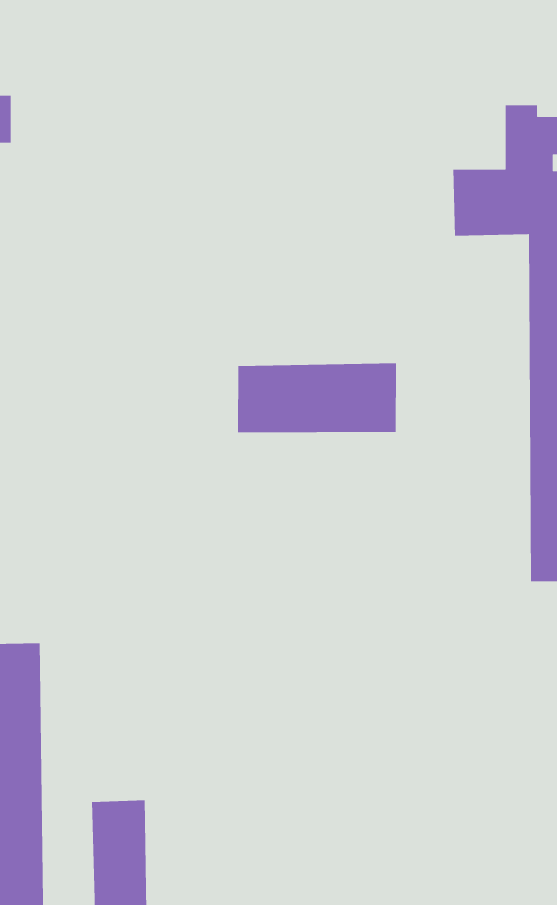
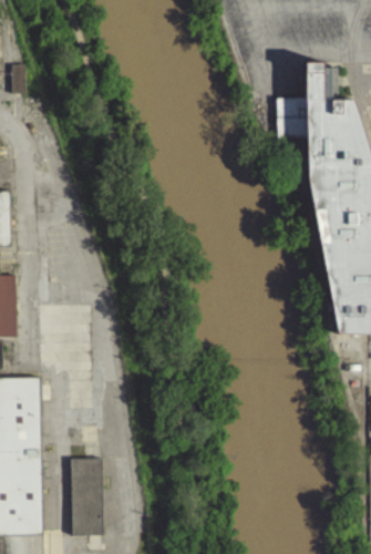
building: [237,362,397,433] -> none

